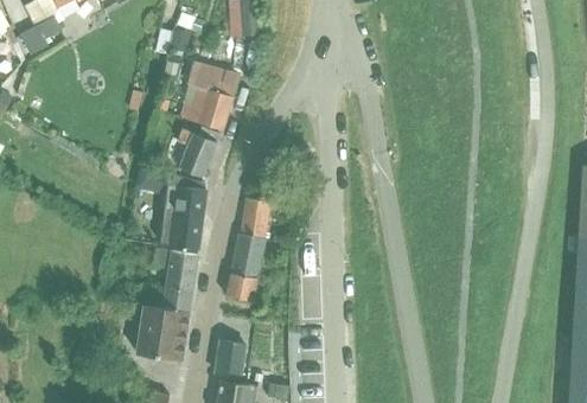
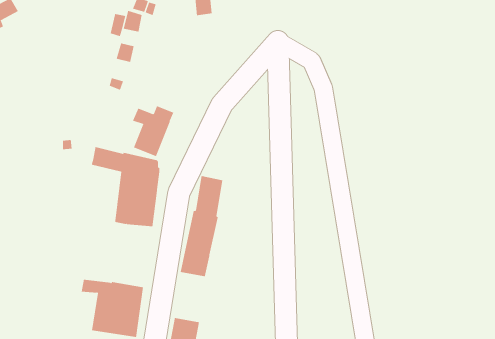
building: [186,65,237,129] -> none
building: [153,247,198,311] -> none

